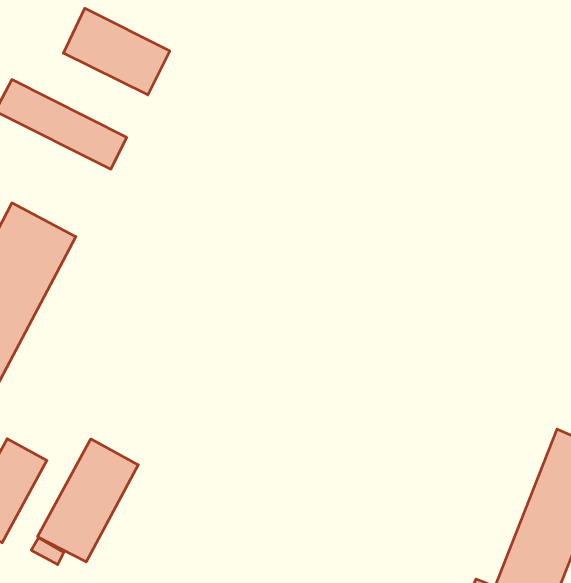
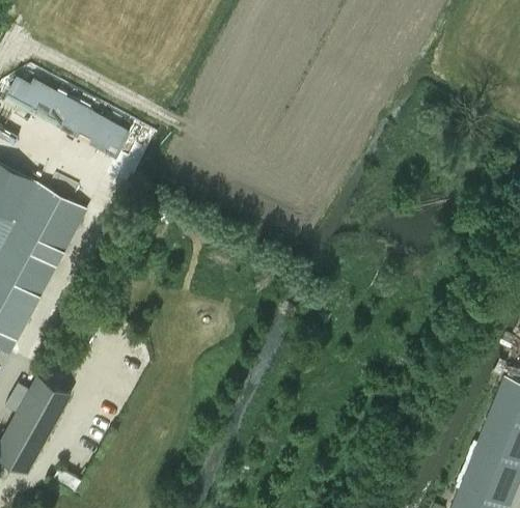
building: [63,8,170,95] -> none
building: [38,439,138,562] -> none

